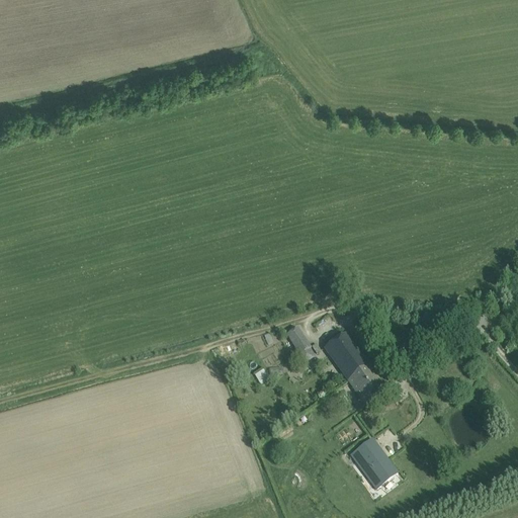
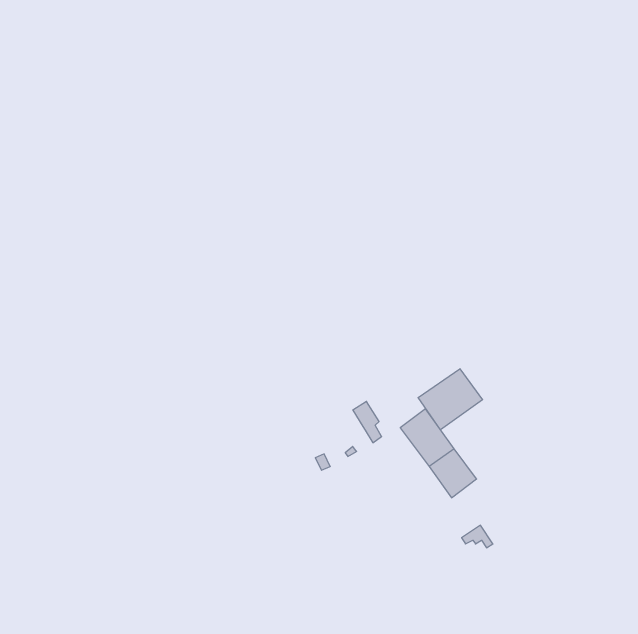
building: none -> [418,369,483,430]
building: [350,433,397,487] -> none

